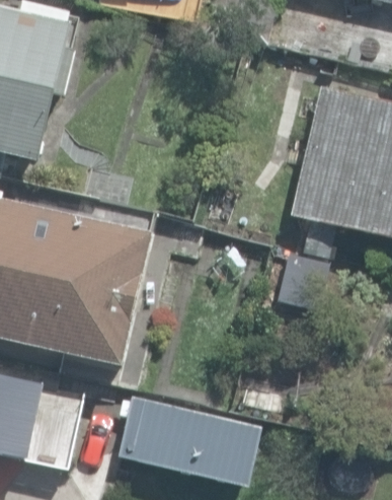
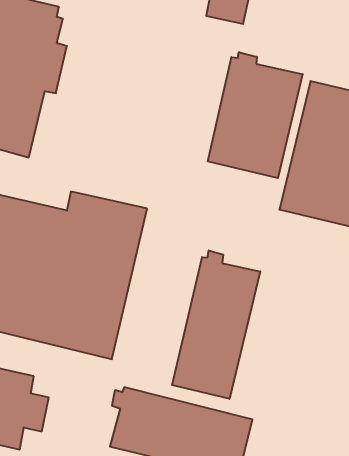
building: none -> [208,52,303,178]
building: none -> [172,250,260,399]

